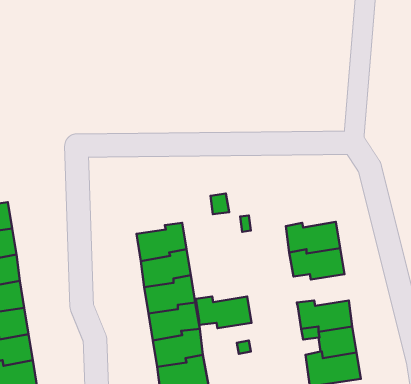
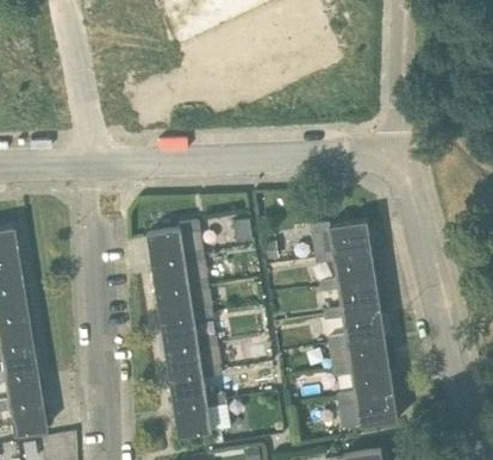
building: none -> [311,222,370,256]
building: none -> [148,223,202,263]
building: [196,297,251,328] -> [324,307,385,342]

